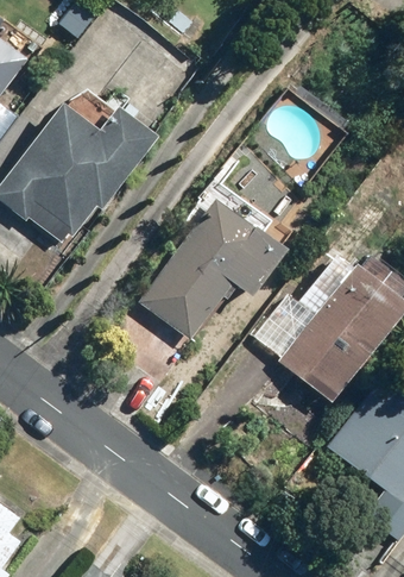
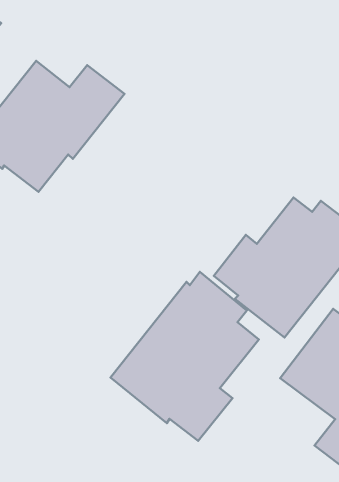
building: [138,200,289,376] -> none
building: none -> [110,272,259,441]

